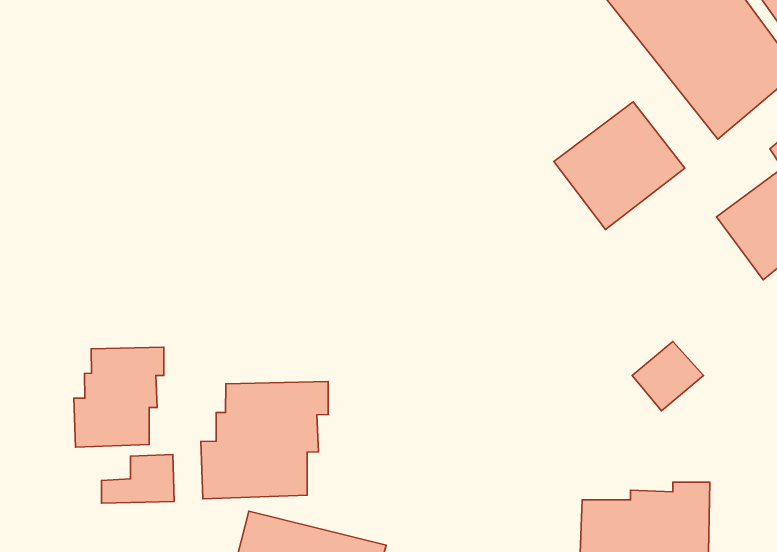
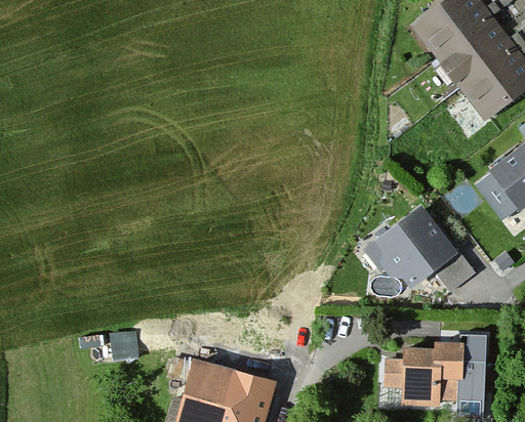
building: [554,102,685,230] -> [366,208,449,289]
building: [74,347,164,447] -> none
building: [201,382,328,499] -> none

